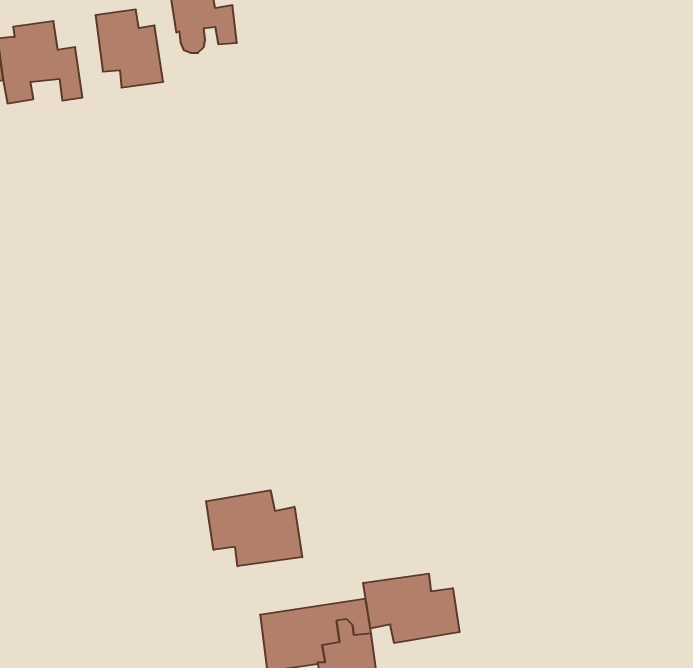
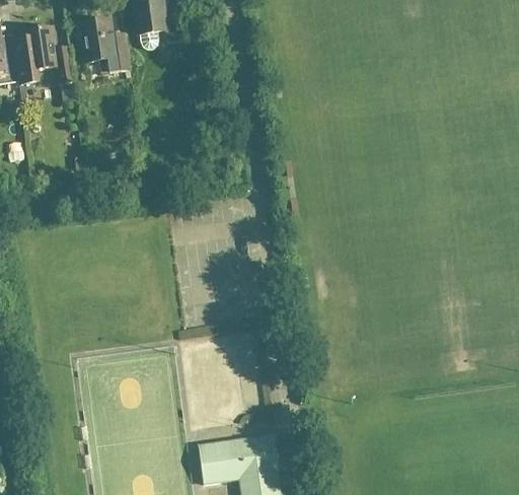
building: [206,490,302,566] -> none
building: [363,574,459,643] -> none

